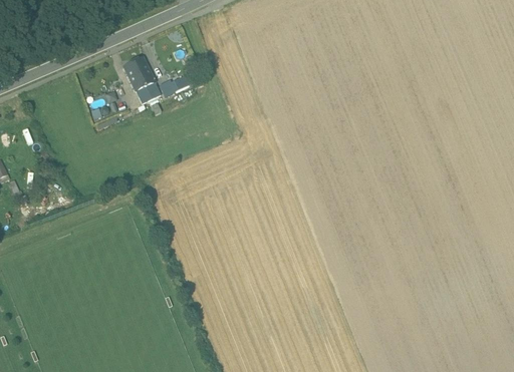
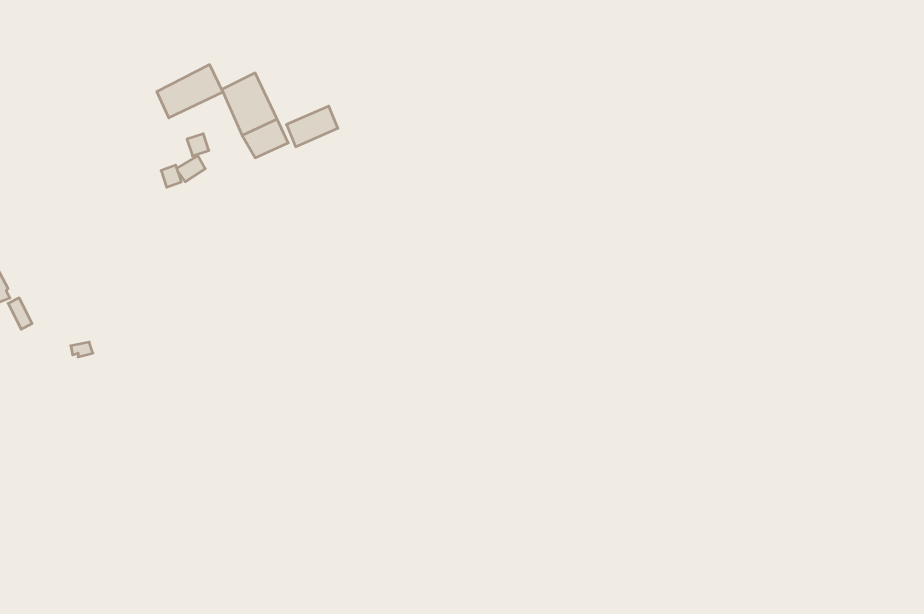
building: none -> [157,65,223,118]

